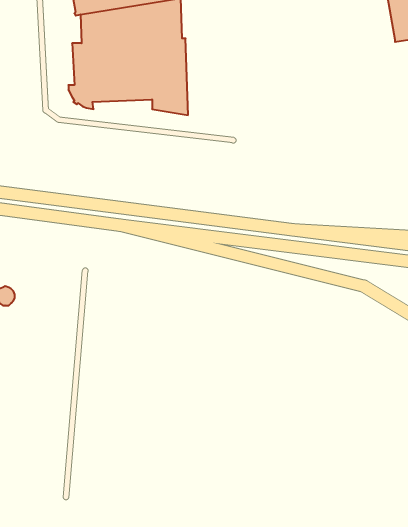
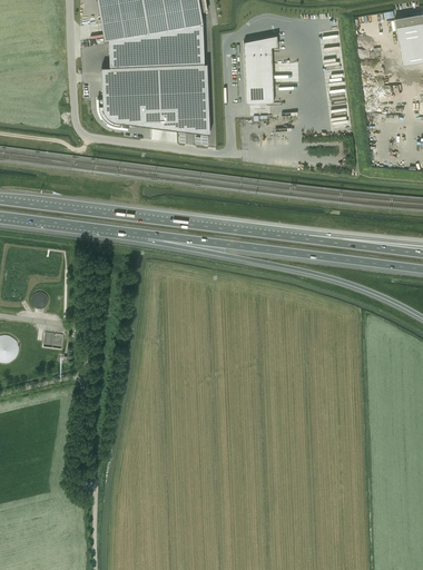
building: none -> [244,33,277,101]

